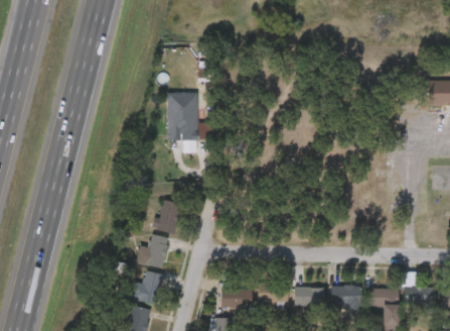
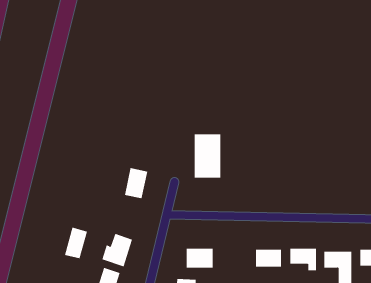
building: [168,93,197,140] -> [194,134,221,178]
building: [145,234,170,268] -> [64,227,88,259]
building: [258,284,287,303] -> none

